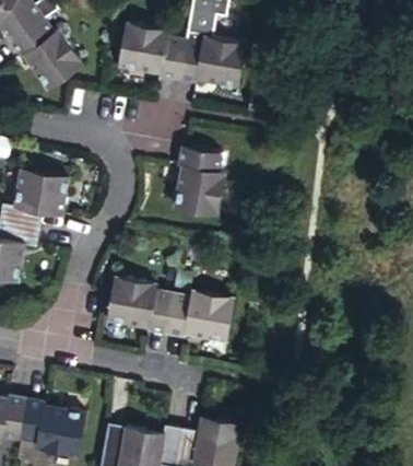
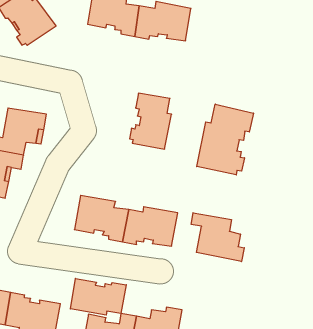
building: none -> [197,104,253,175]
building: none -> [191,213,244,262]
building: none -> [70,278,126,315]

